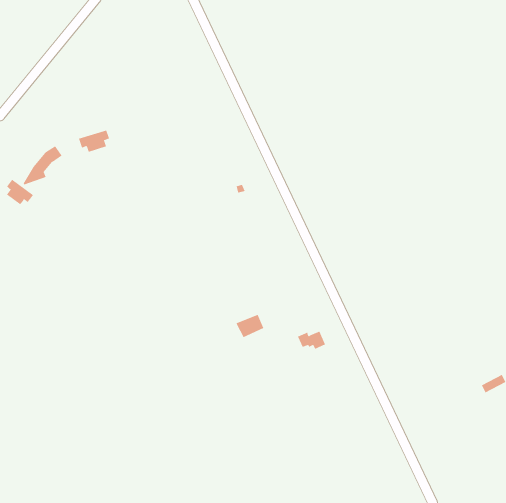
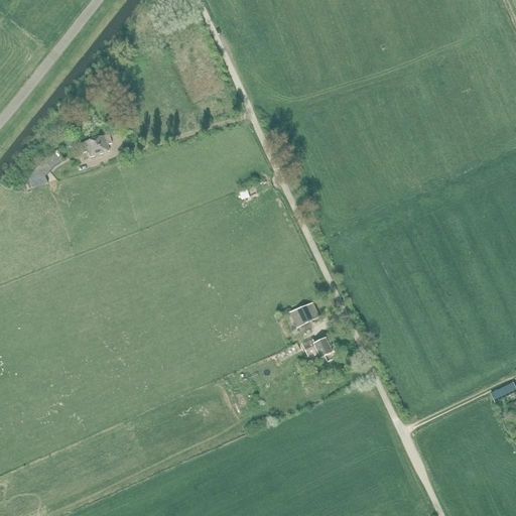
building: [6,179,34,205] -> none
building: [235,314,264,338] -> [289,301,318,326]

